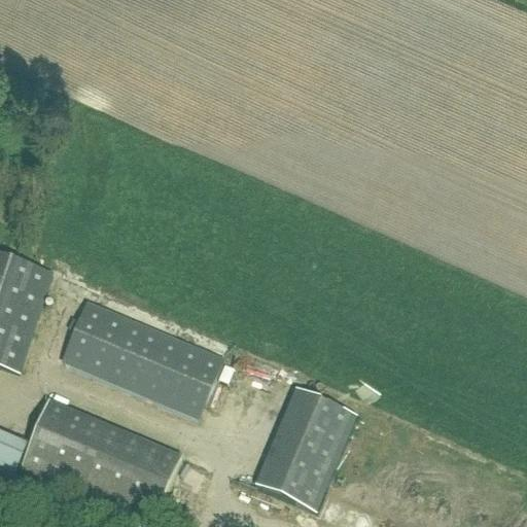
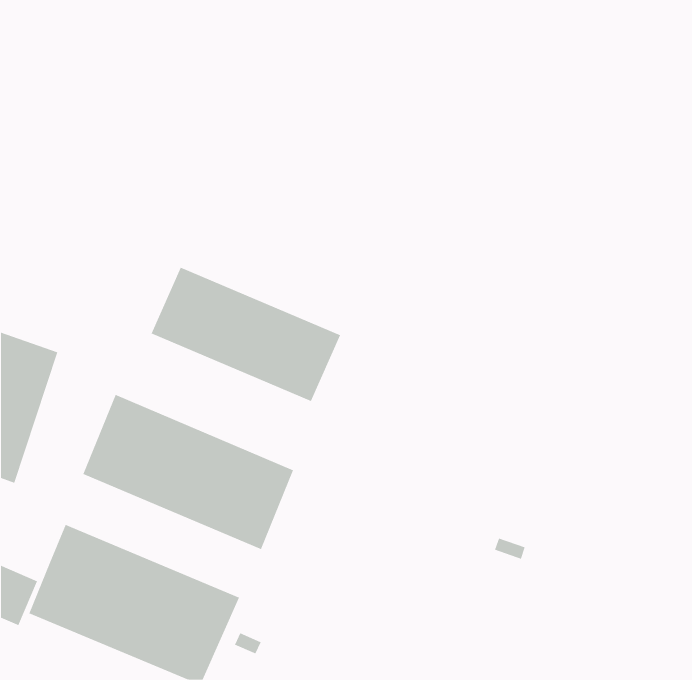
building: none -> [151,267,341,402]
building: [255,387,357,510] -> none

